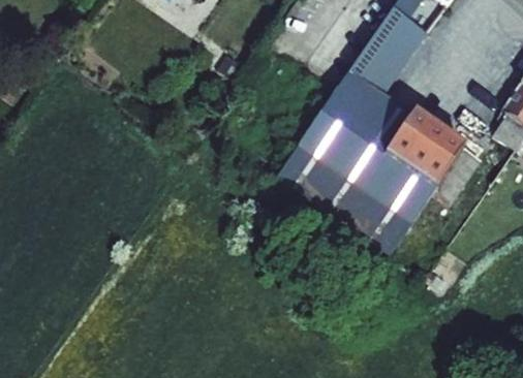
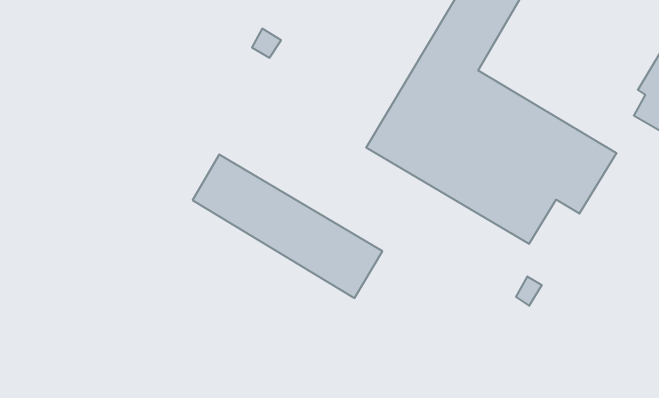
building: [277,143,413,254] -> [193,155,382,298]

